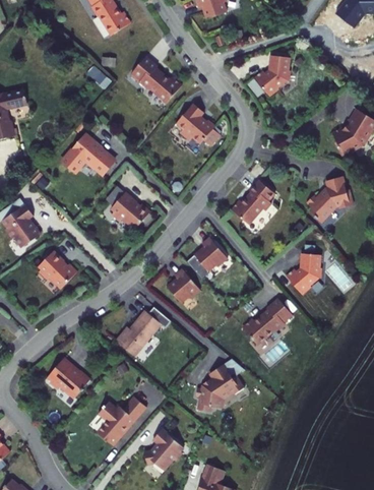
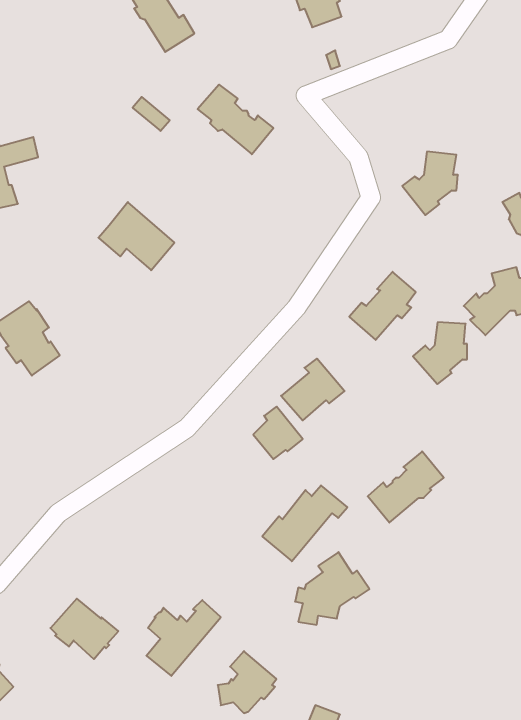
building: [254,55,291,97] -> [402,152,458,215]
building: [176,104,222,146] -> none
building: [111,192,151,230] -> none
building: [38,250,77,289] -> none
building: [286,253,321,294] -> [413,322,467,384]
building: [113,305,169,355] -> [262,485,347,561]
building: [46,358,90,397] -> [50,599,118,659]

